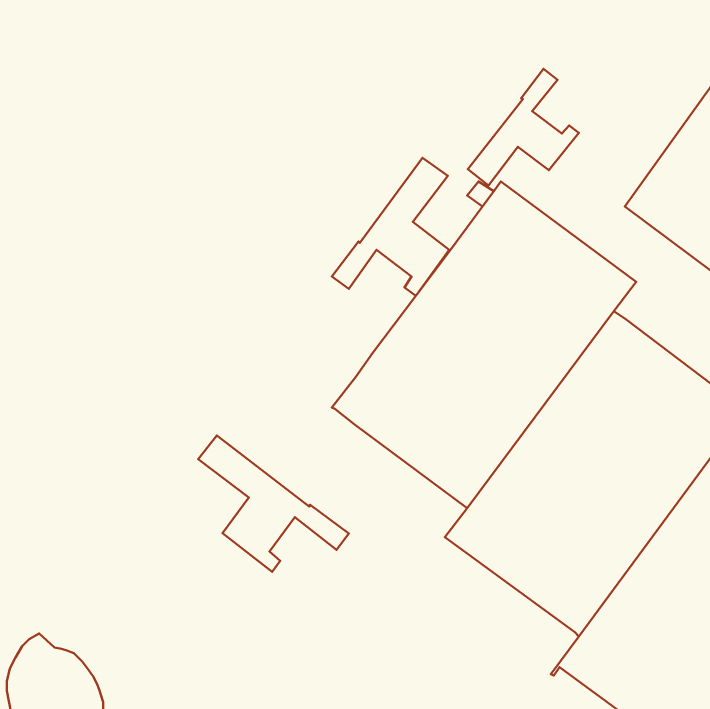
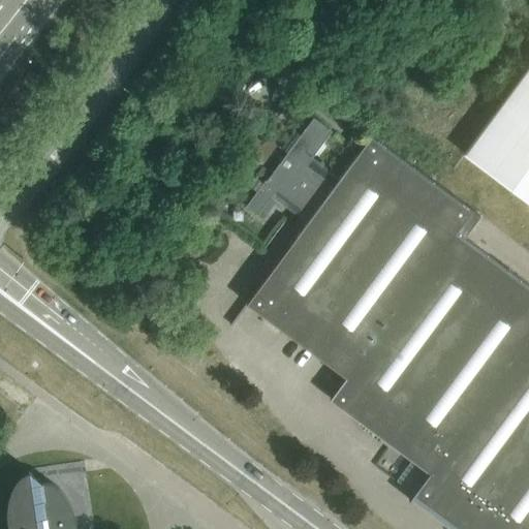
building: [468,69,579,186] -> none
building: [198,436,349,572] -> none

